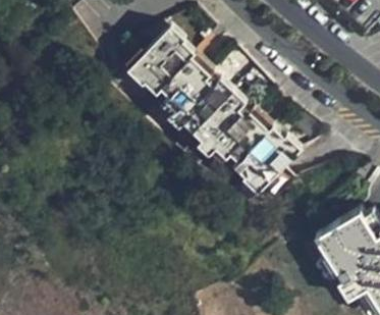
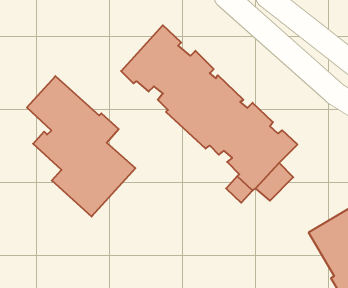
building: none -> [27,76,135,217]

